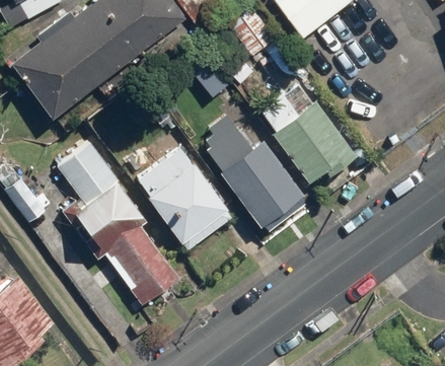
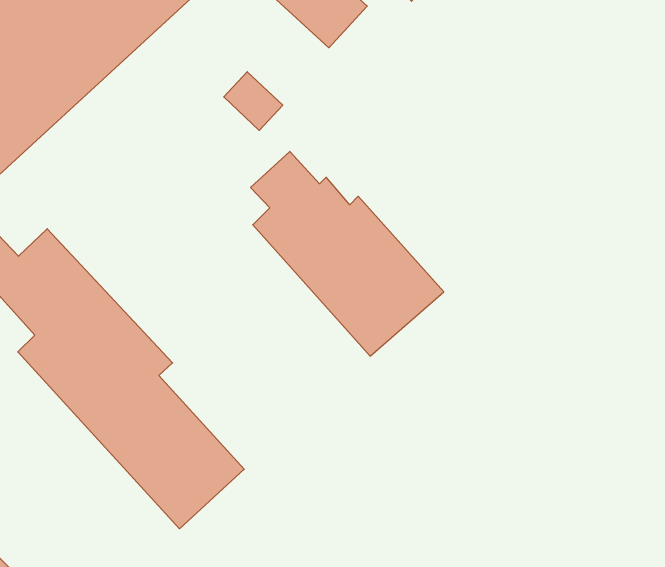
building: [256,80,358,181] -> none
building: [137,144,234,247] -> none

